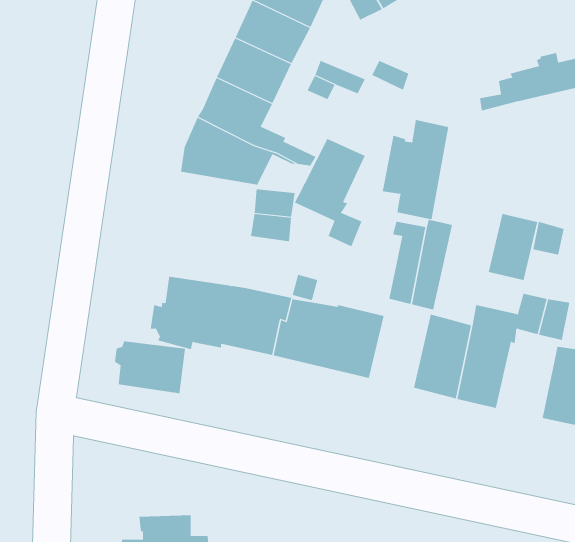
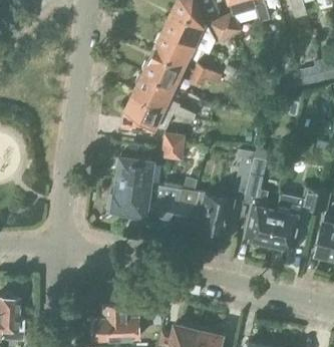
building: [382,119,449,220] -> none
building: [294,138,366,247] -> none
building: [488,213,538,281] -> none
building: [114,341,186,394] -> [116,156,154,185]

